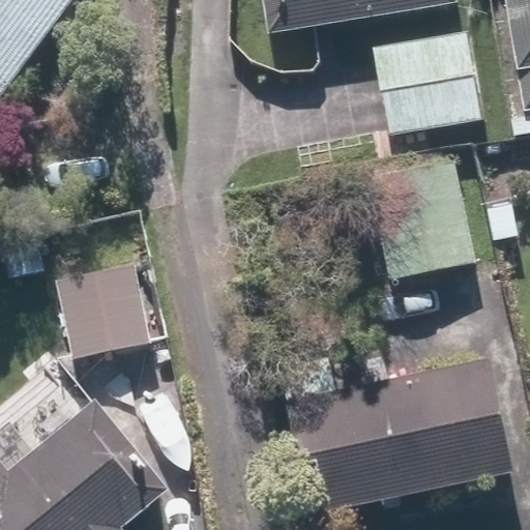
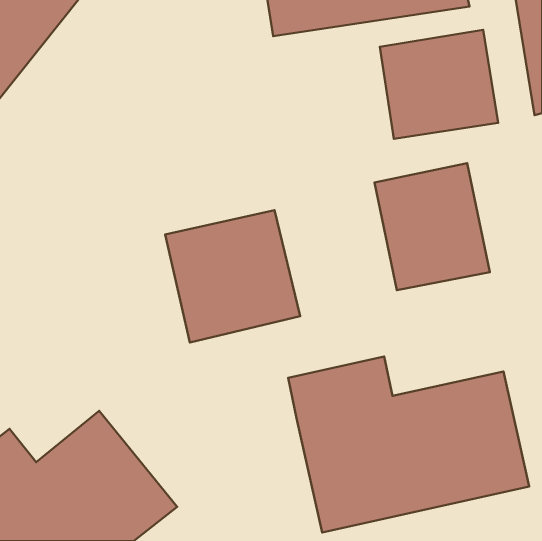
building: none -> [165,210,300,342]
building: [55,258,154,360] -> none

